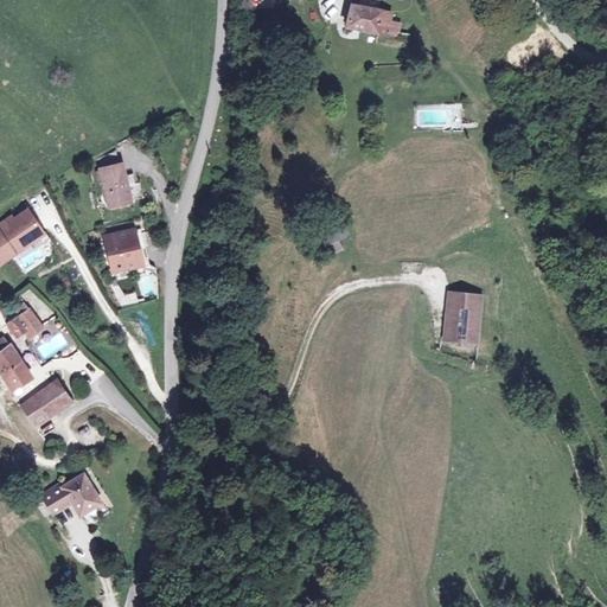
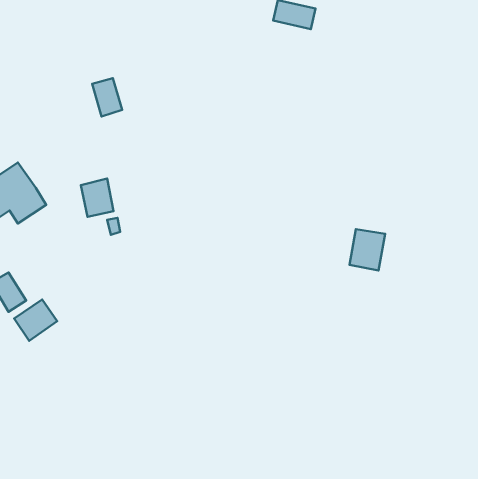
building: [96,162,134,211] -> [92,78,122,117]
building: [8,311,45,347] -> none
building: [41,467,107,518] -> none

